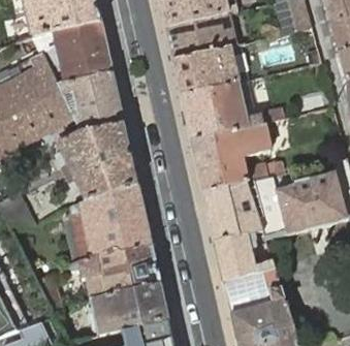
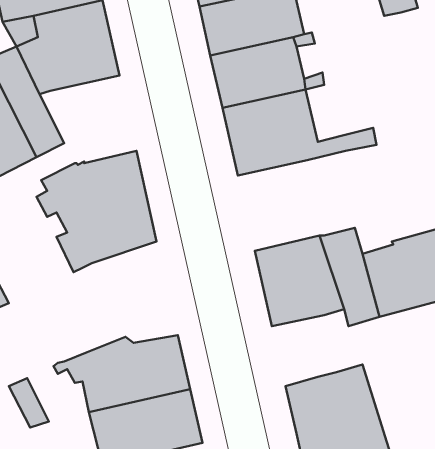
building: [58,71,123,131] -> none
building: [191,122,271,189] -> none
building: [63,183,151,263] -> none
building: [214,232,257,280] -> none

